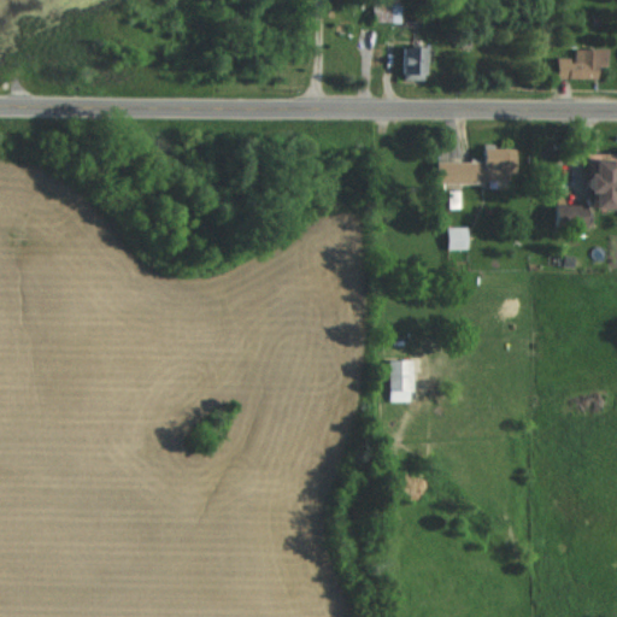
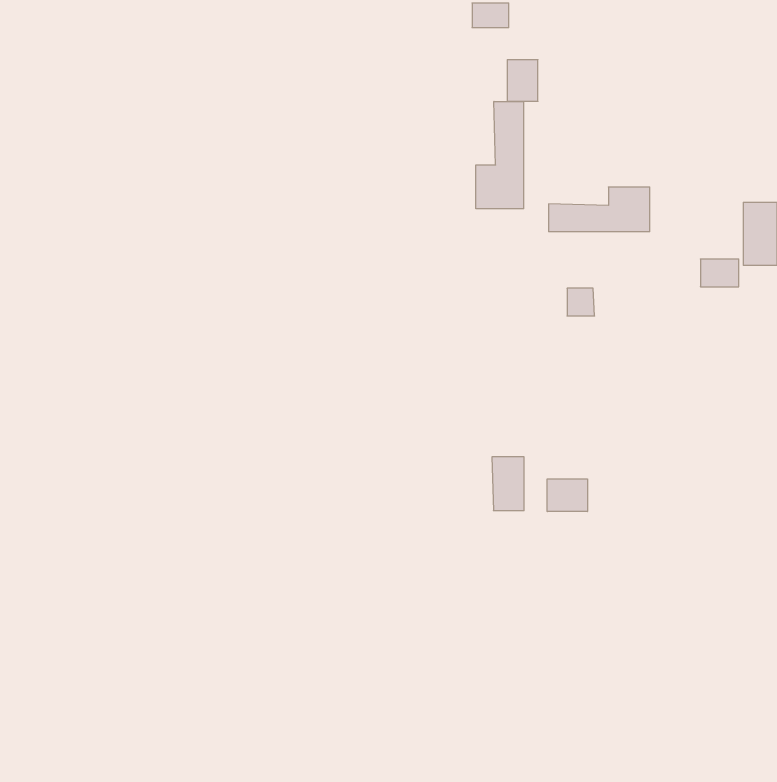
building: [559,47,610,78] -> none
building: none -> [476,101,524,209]
building: none -> [547,479,587,512]

